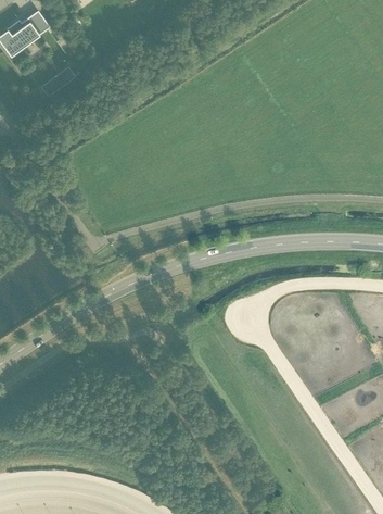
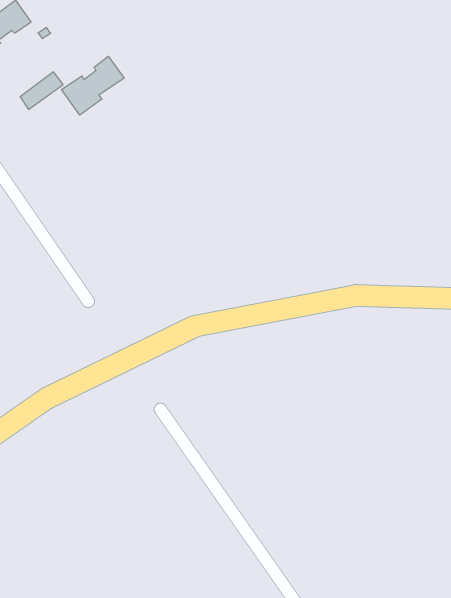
building: none -> [62,56,124,115]

